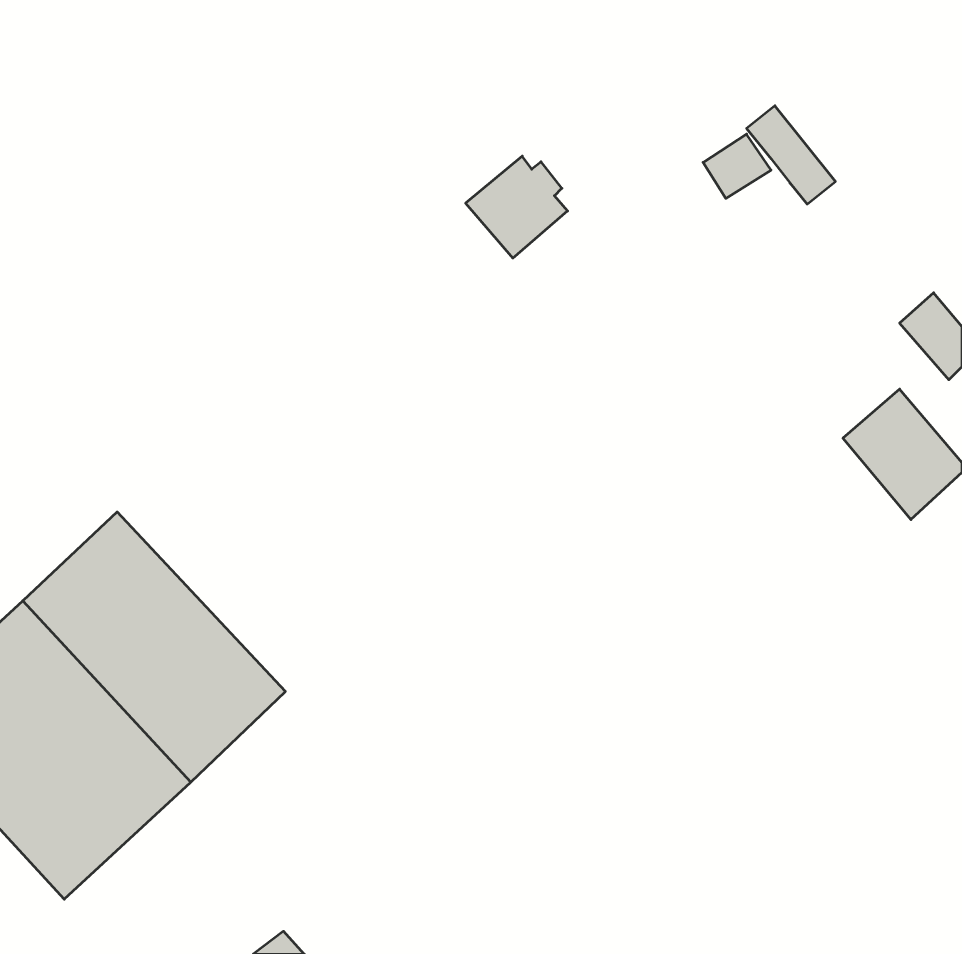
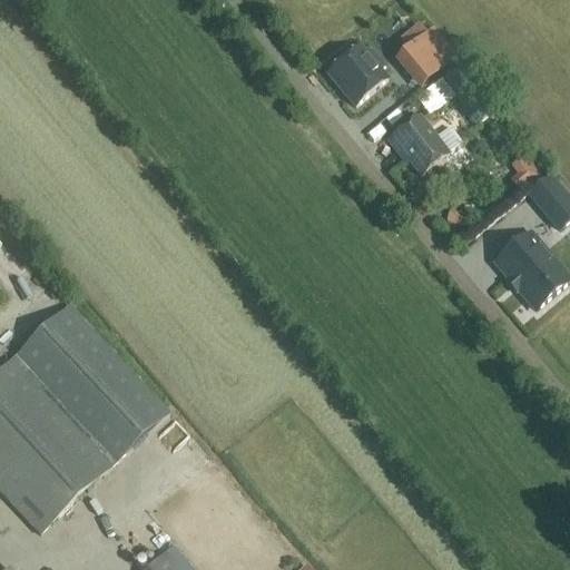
building: none -> [395,27,454,85]
building: [466,156,568,258] -> [326,43,386,104]
building: none -> [386,112,446,171]

